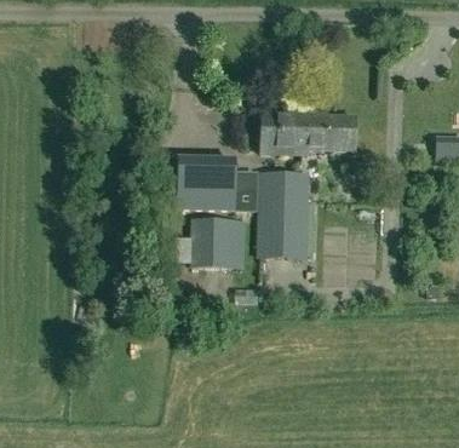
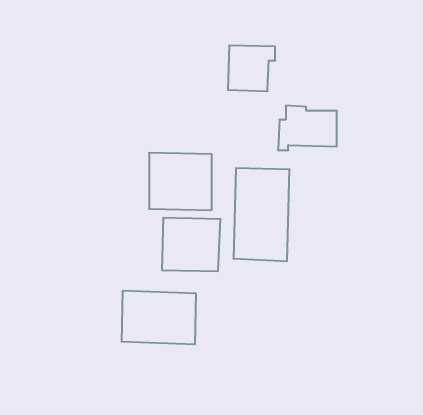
building: [262,110,306,154] -> [228,45,275,91]
building: none -> [122,291,196,344]

